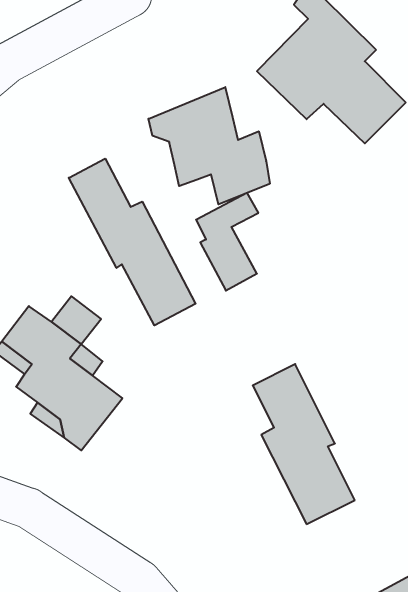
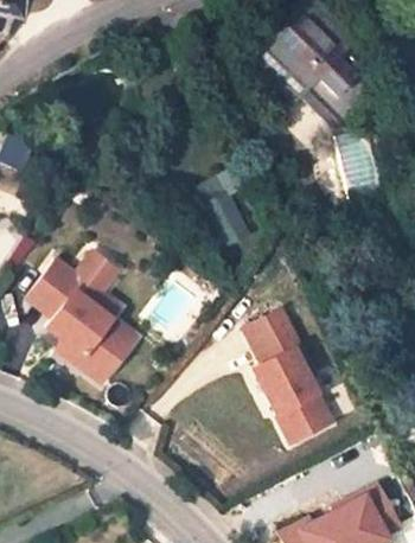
building: [148,87,270,204] -> none
building: [69,159,196,325] -> none

